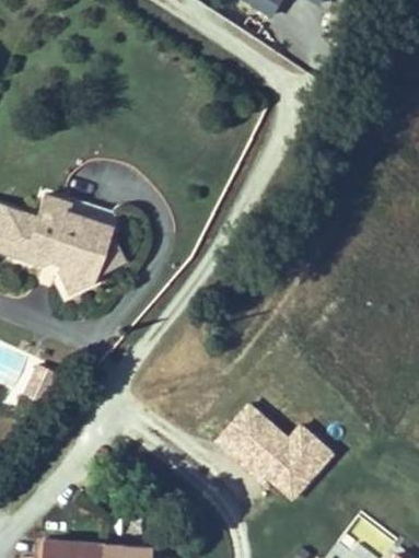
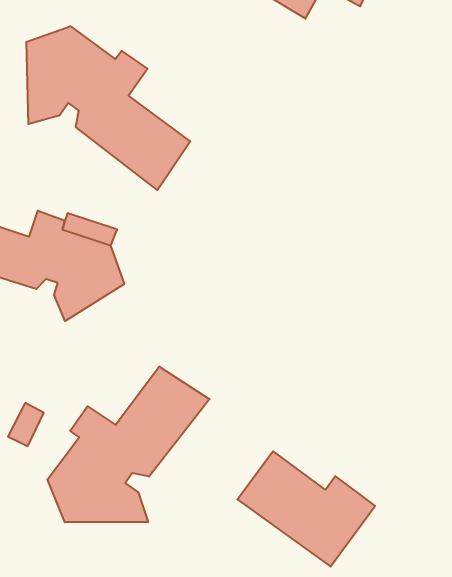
building: none -> [26,26,190,190]
building: none -> [47,367,210,522]

